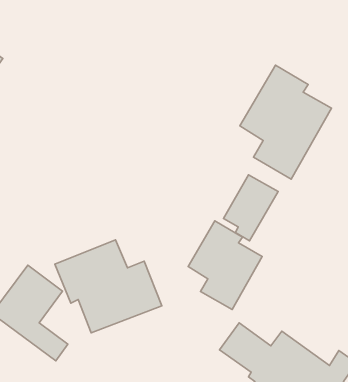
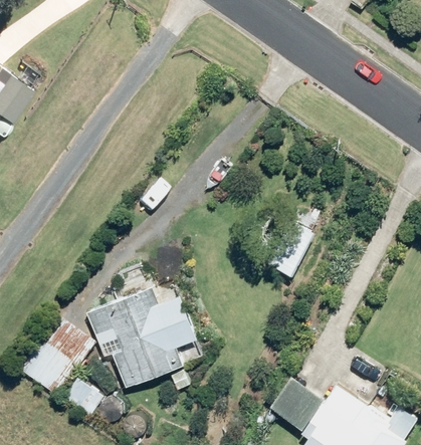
building: [240,65,331,179] -> none
building: [188,221,262,310] -> none

